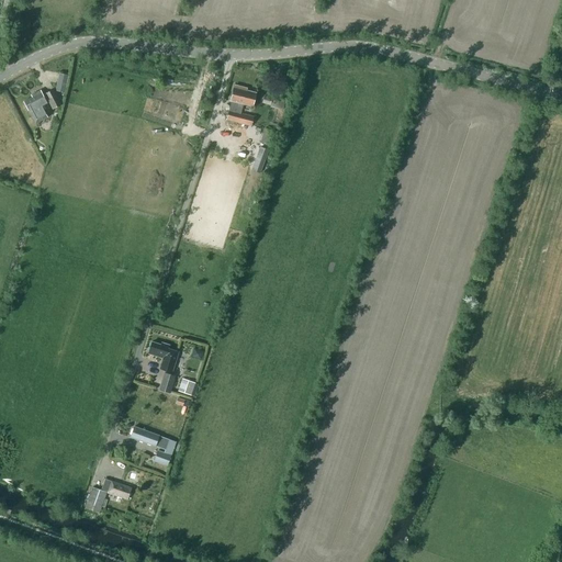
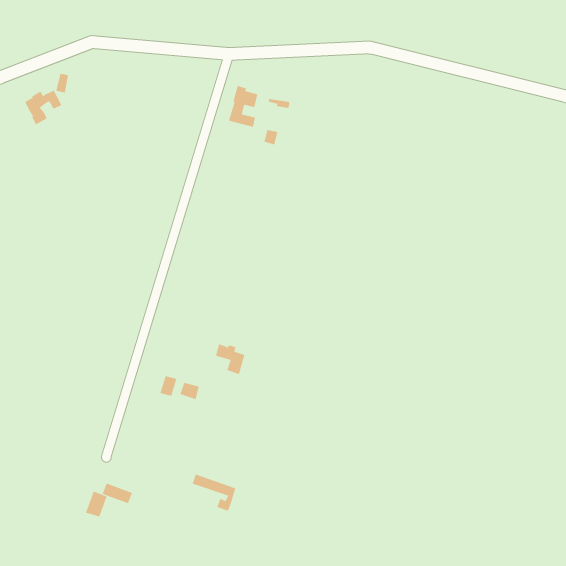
building: [148,341,178,372] -> [215,344,245,375]
building: [131,427,175,464] -> [192,474,236,511]

